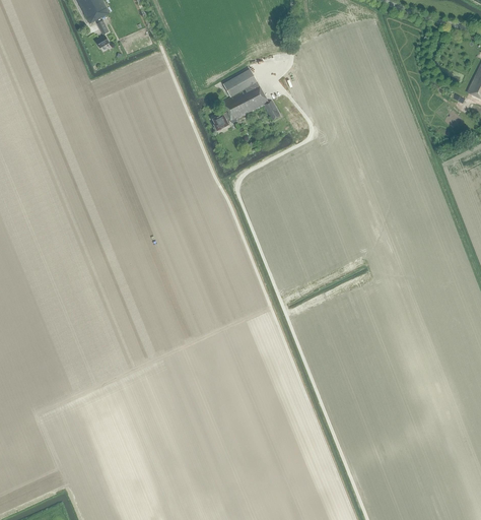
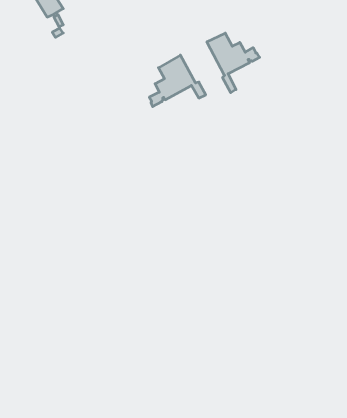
building: none -> [207,33,260,93]

